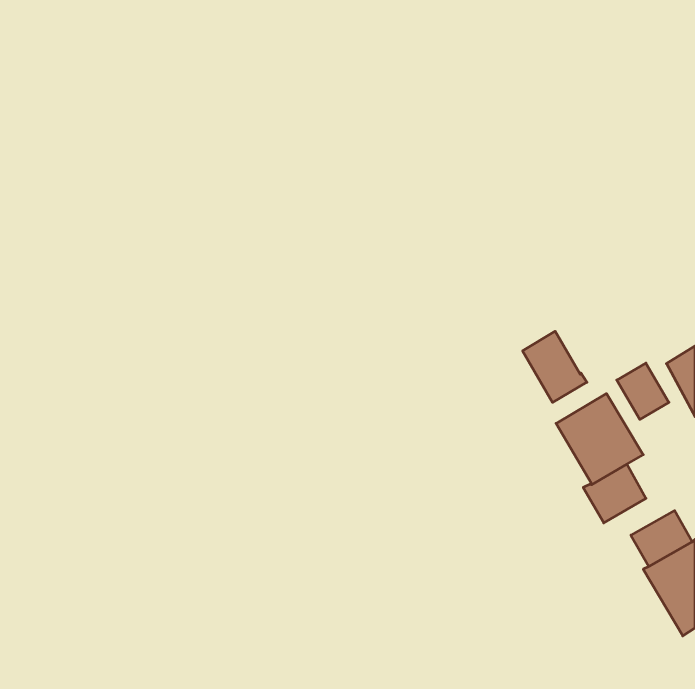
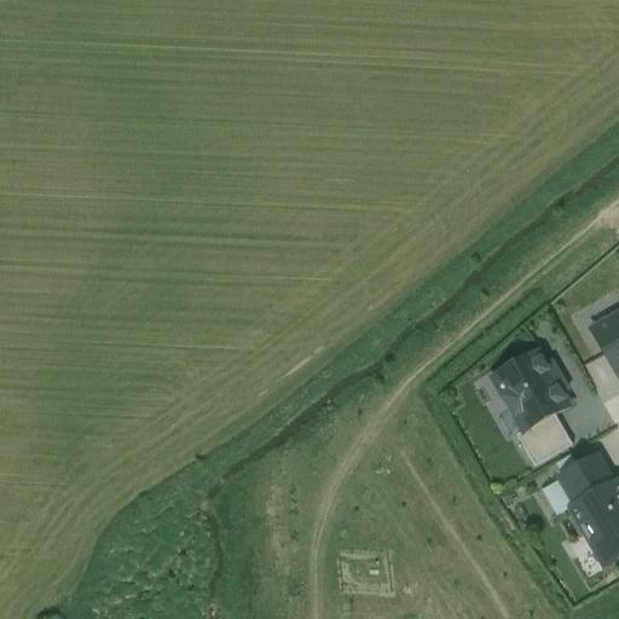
building: [523,331,587,402] -> none
building: [617,363,669,419] -> none

